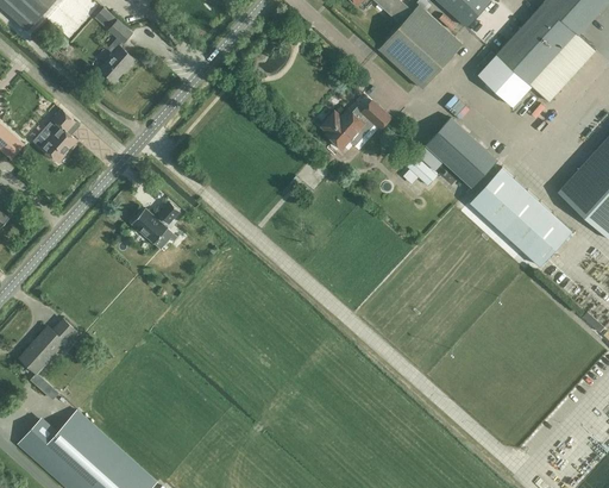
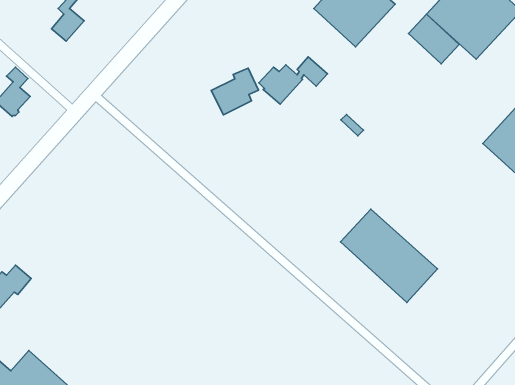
building: none -> [211,68,258,115]
building: [423,117,497,189] -> none
building: [469,168,571,267] -> [341,209,437,303]
building: [131,204,180,245] -> none

